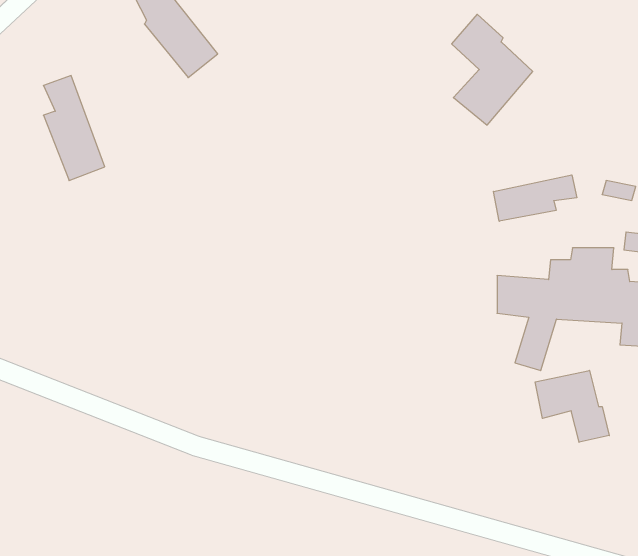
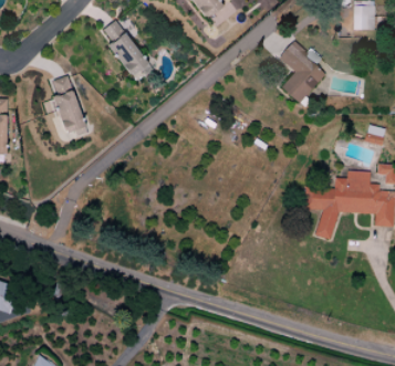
building: [493,175,577,221] -> none
building: [535,370,609,442] -> none

